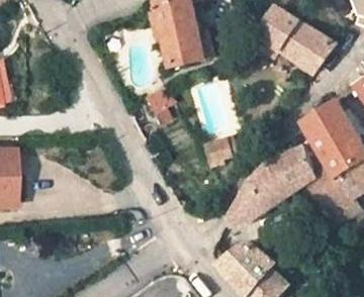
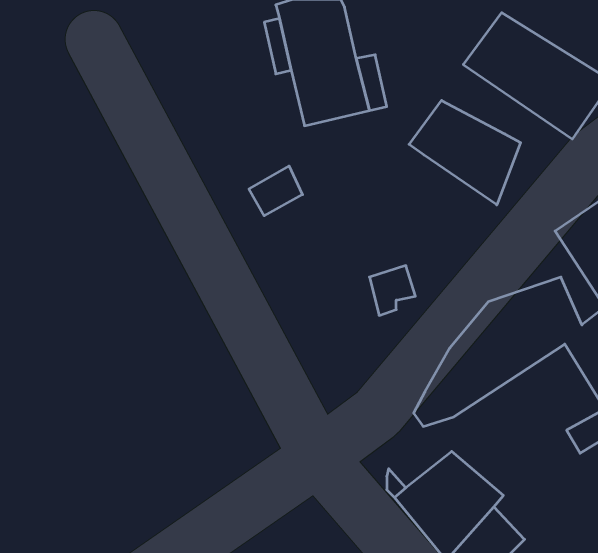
building: none -> [409,100,521,205]

